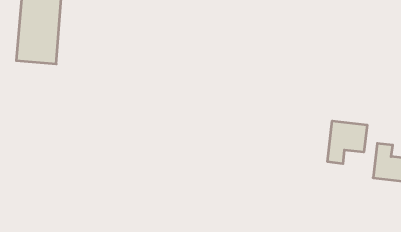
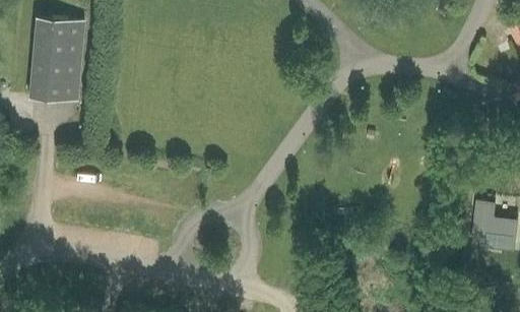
building: [328,121,367,164] -> none

